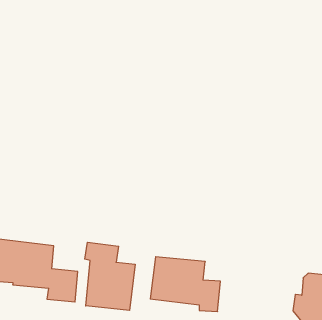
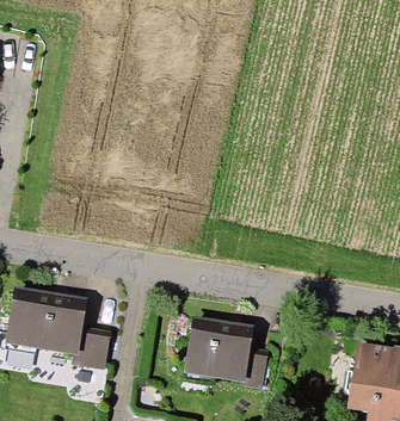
building: [85,242,135,310] -> none

